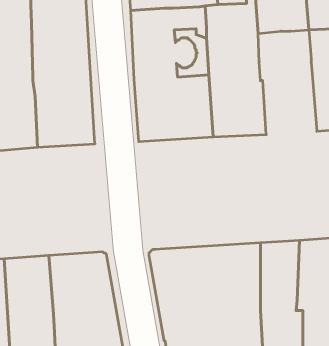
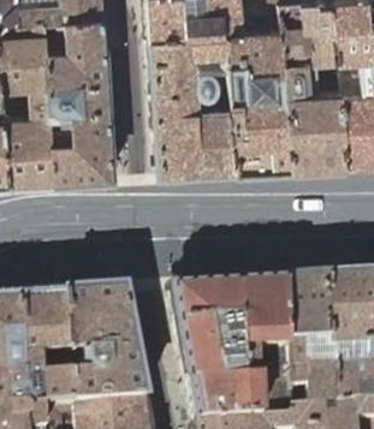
building: none -> [285,58,346,167]

